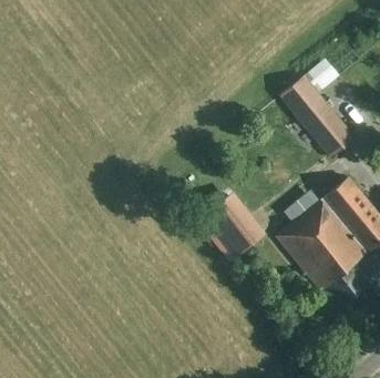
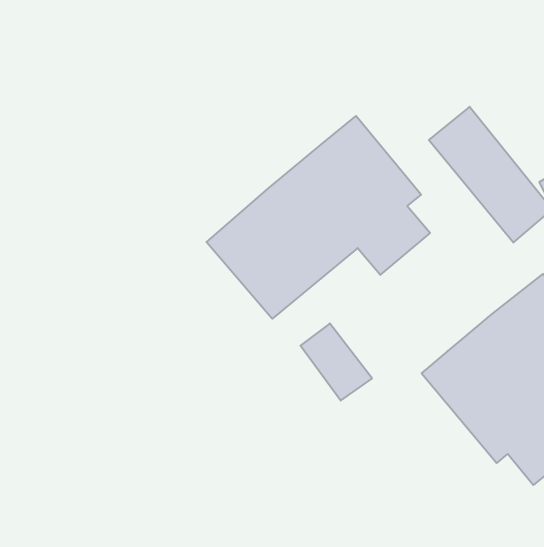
building: none -> [206,116,430,319]

